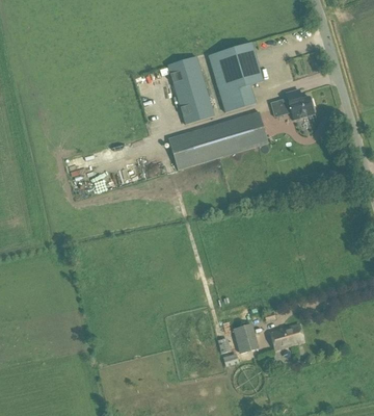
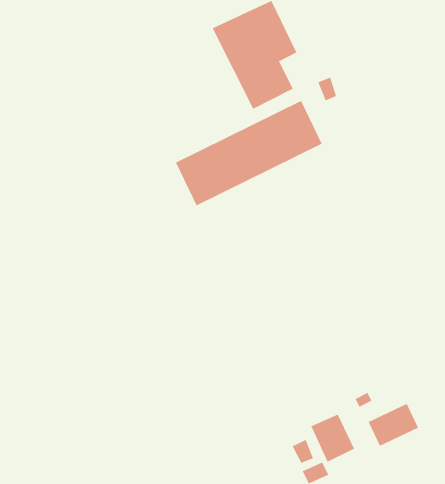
building: [166,57,214,125] -> none
building: [288,89,314,119] -> none

